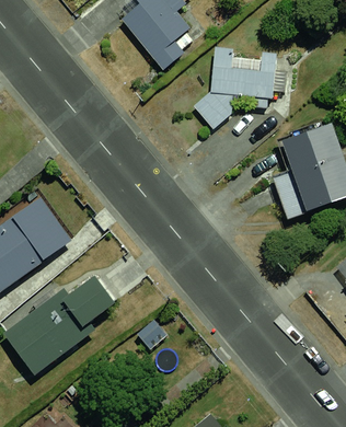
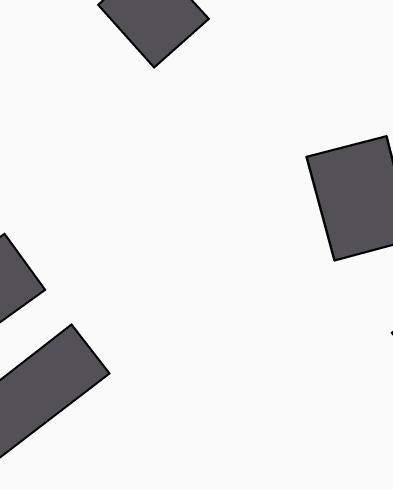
building: [191,48,273,123] -> none

